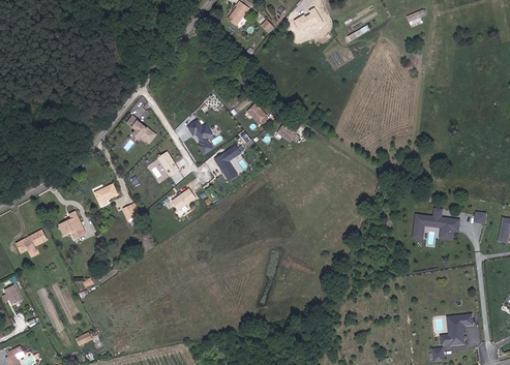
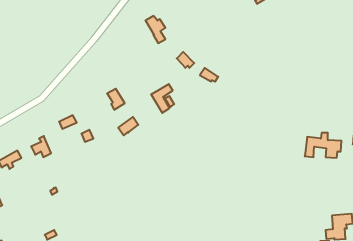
building: [125,115,156,144] -> none
building: [186,119,212,154] -> [145,16,165,43]

